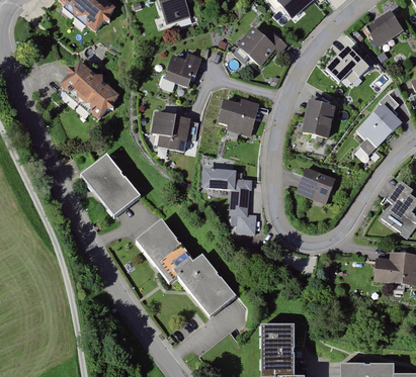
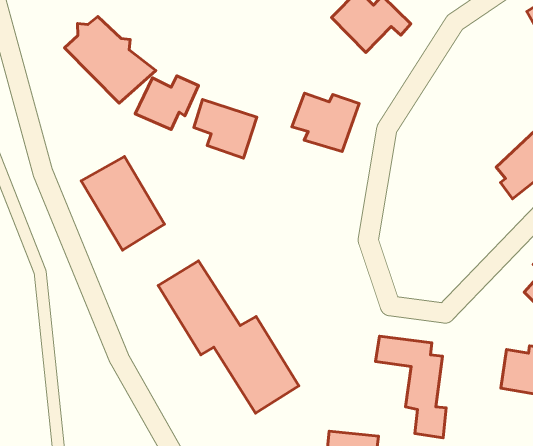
building: [323,48,368,91] -> none
building: [162,52,202,88] -> [135,76,198,130]
building: [301,100,337,137] -> none
building: [206,167,257,230] -> [375,336,446,438]
building: [296,167,336,205] -> none

